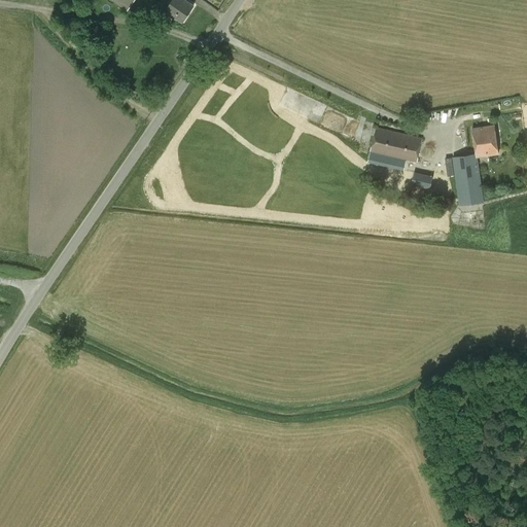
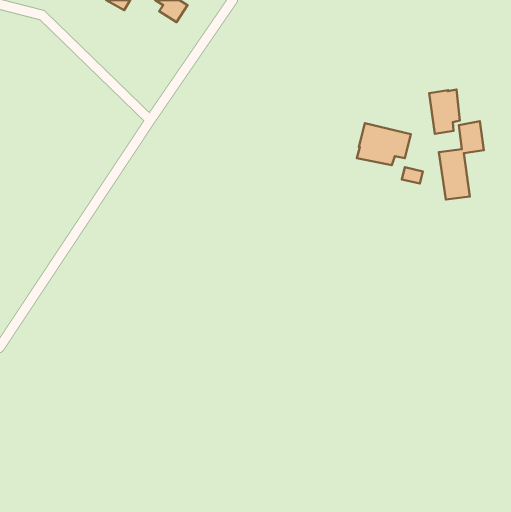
building: none -> [429,90,460,134]

